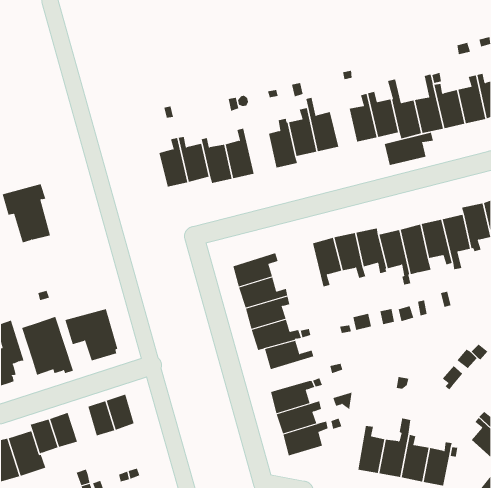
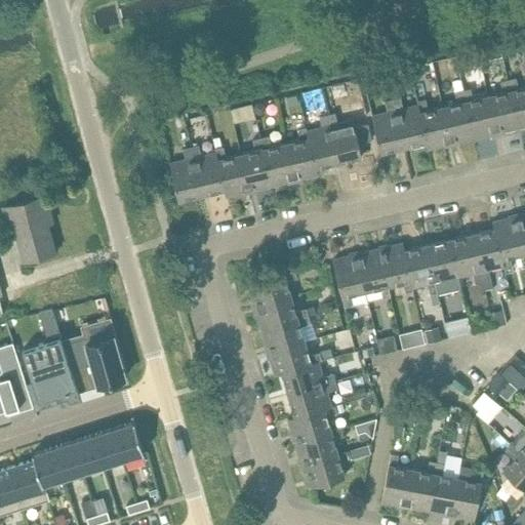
building: none -> [257,126,294,189]
building: [384,132,433,166] -> none
building: none -> [288,383,337,419]
building: none -> [73,437,103,475]

